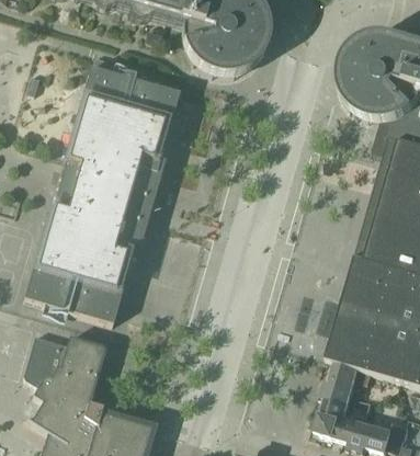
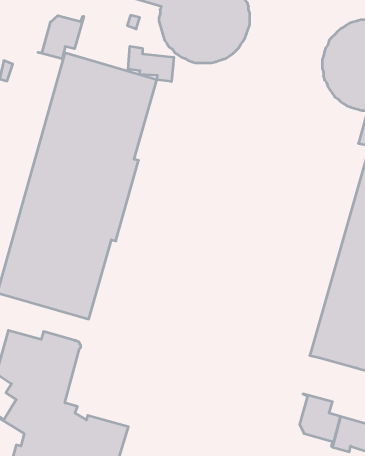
building: none -> [38,16,84,59]
building: none -> [128,46,174,82]
building: [321,360,373,402] -> none

